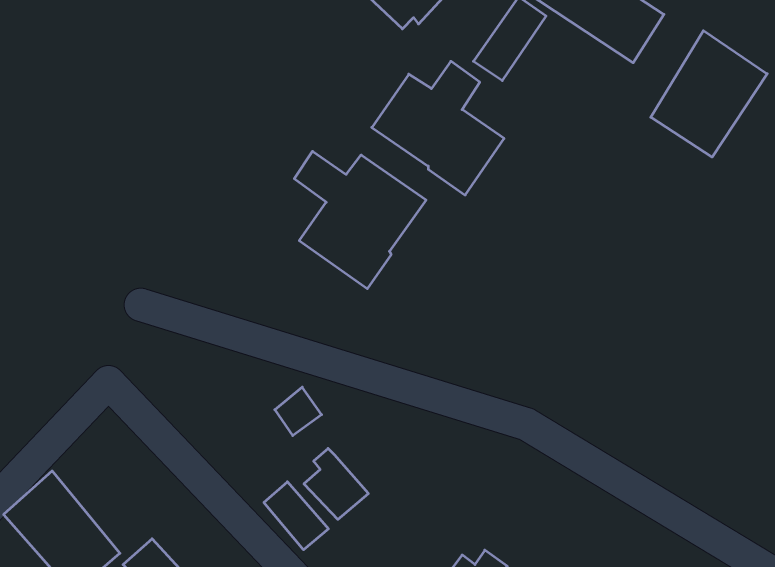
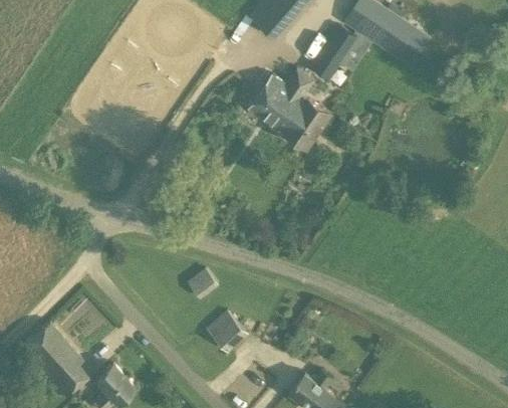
building: [651,31,767,157] -> none
building: [294,151,426,289] -> none
building: [264,482,328,550] -> none

